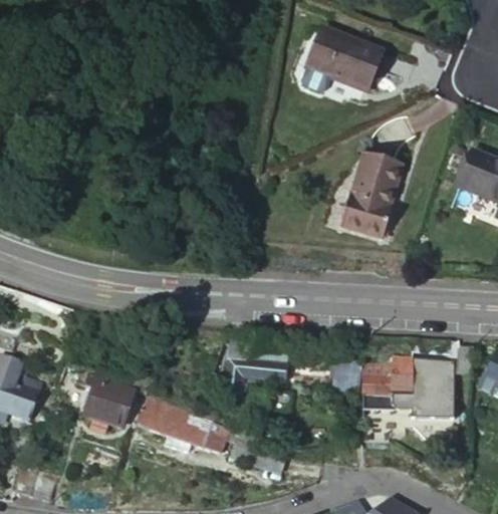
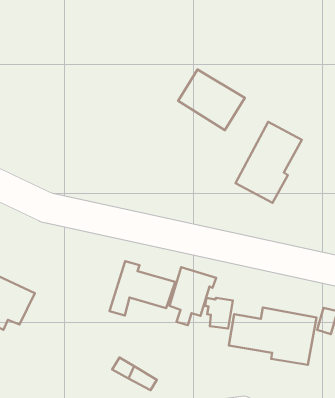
building: [305,28,380,91] -> [178,69,245,130]
building: none -> [170,267,216,325]
building: [137,394,231,454] -> none

